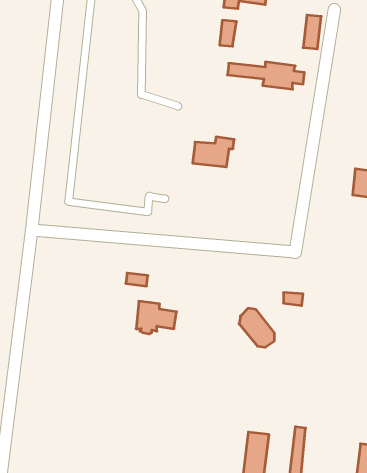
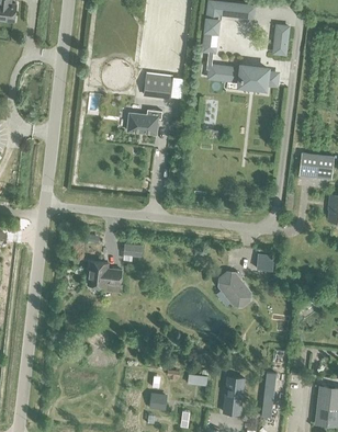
building: none -> [144,73,172,96]
building: [193,137,234,167] -> [127,109,162,134]
building: [136,301,177,334] -> [88,261,122,288]

